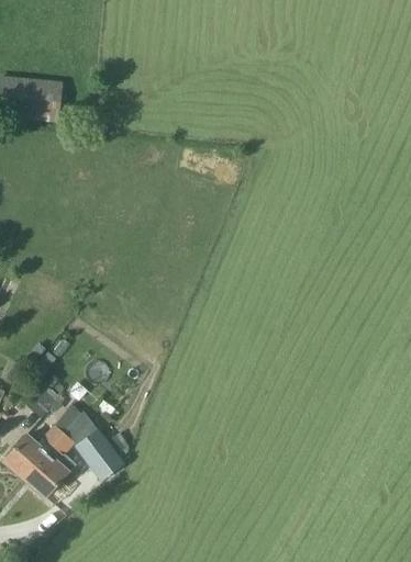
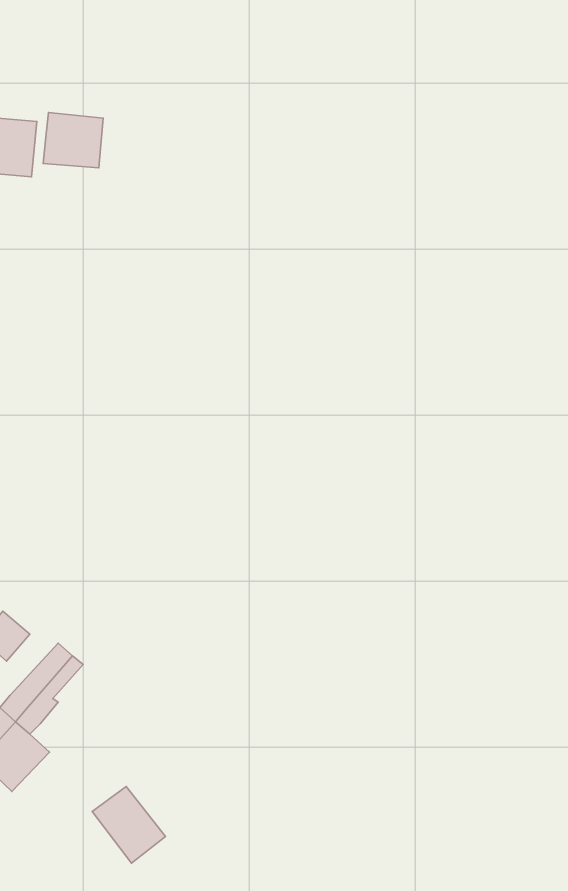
building: none -> [43,113,103,168]
building: [78,431,123,479] -> [92,786,165,863]

